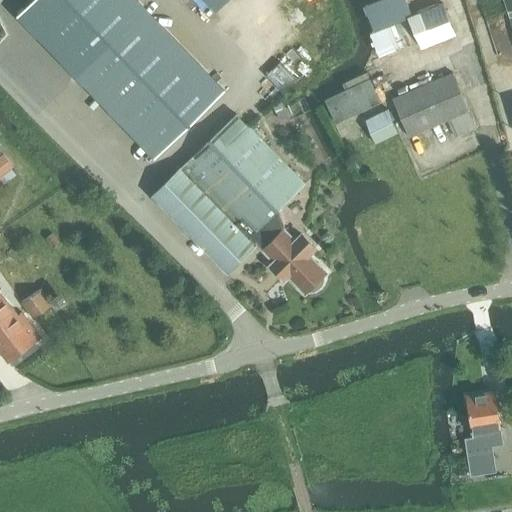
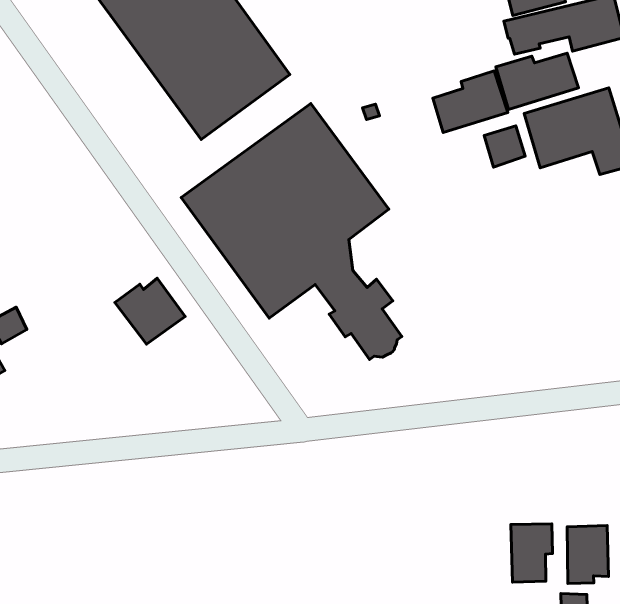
building: none -> [496,53,578,110]
building: none -> [115,278,185,344]
building: none -> [511,524,552,582]

